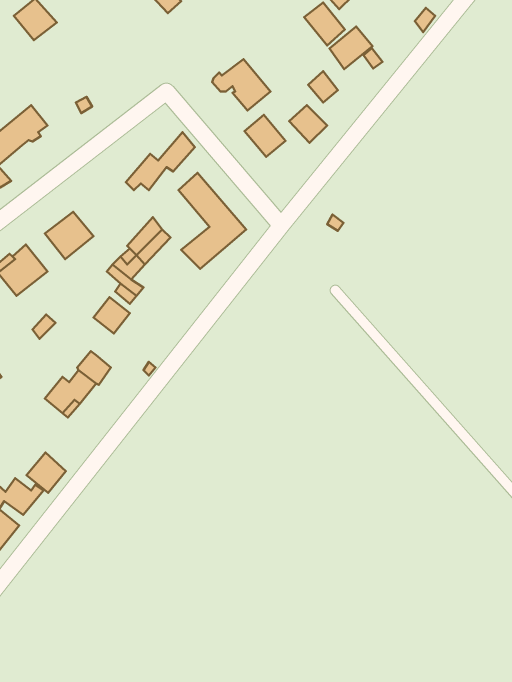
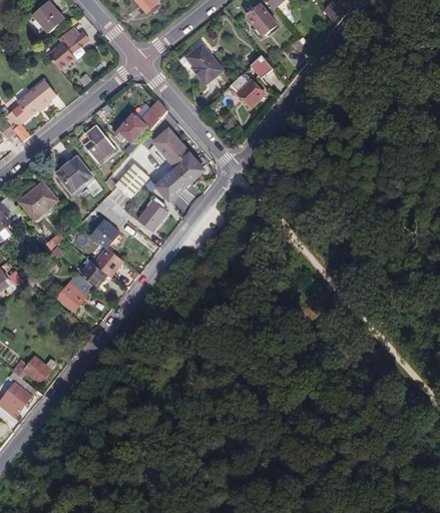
building: [329,27,373,69] -> none
building: none -> [48,26,89,69]
building: [245,115,285,157] -> none
building: none -> [83,128,110,162]
building: none -> [136,200,167,232]
building: none -> [93,248,122,278]
building: [26,452,66,493] -> none

